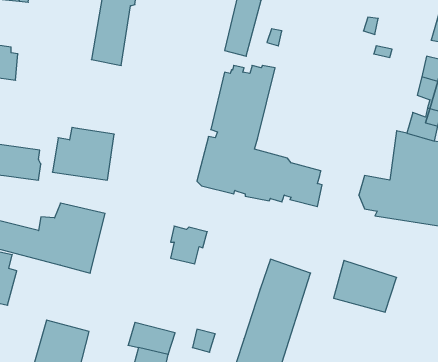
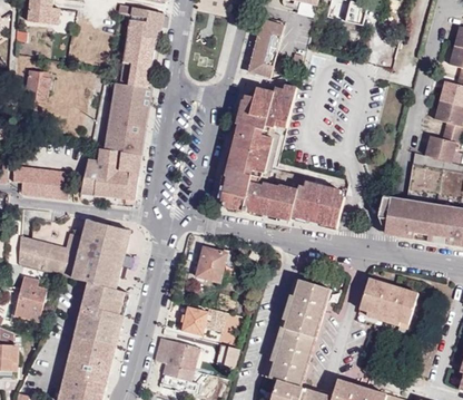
building: none -> [106,82,152,155]
building: none -> [76,282,131,347]
building: none -> [183,306,226,334]

